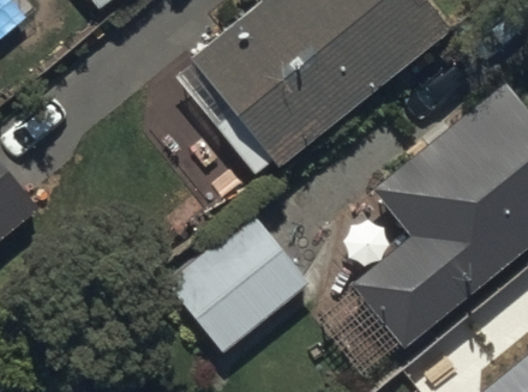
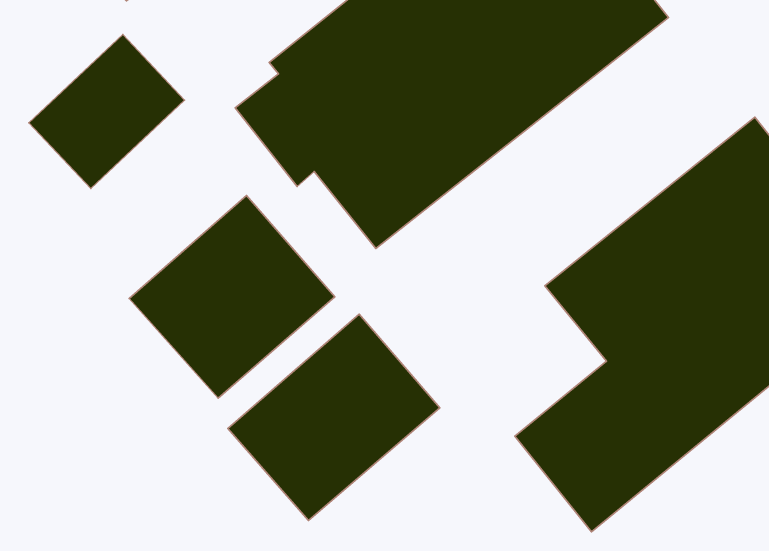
building: none -> [129,195,335,398]

